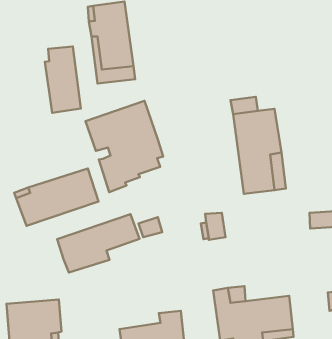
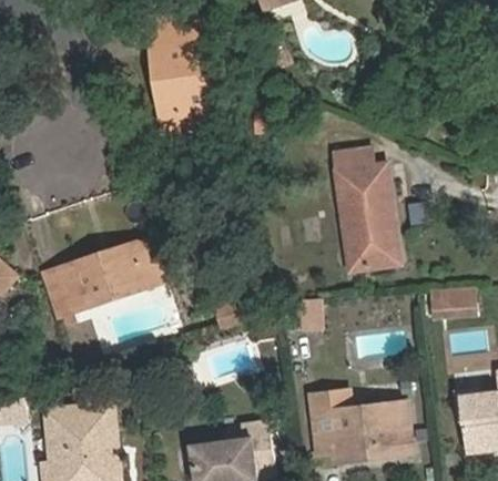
building: [45,47,81,113] -> none
building: [86,101,163,192] -> none
building: [57,214,139,273] -> none

